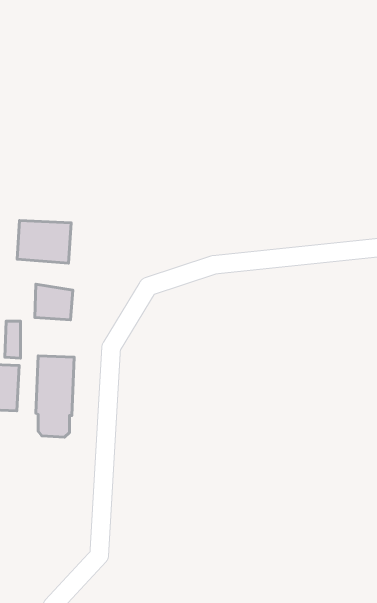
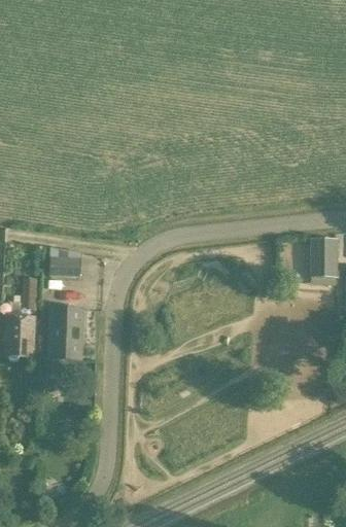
building: [17,220,71,263] -> none
building: none -> [311,239,337,277]

